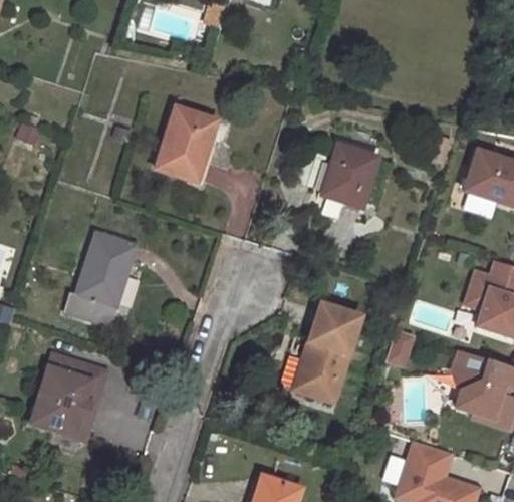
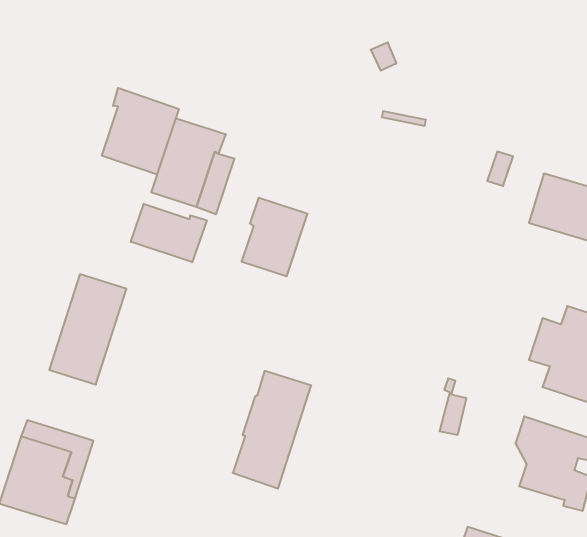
building: none -> [102,88,179,174]
building: [323,143,377,207] -> [241,198,308,276]
building: none -> [131,204,207,262]
building: [295,305,359,402] -> [233,371,311,489]

